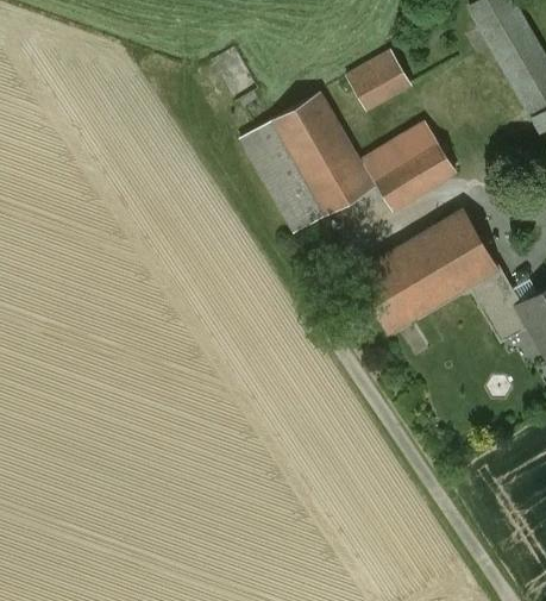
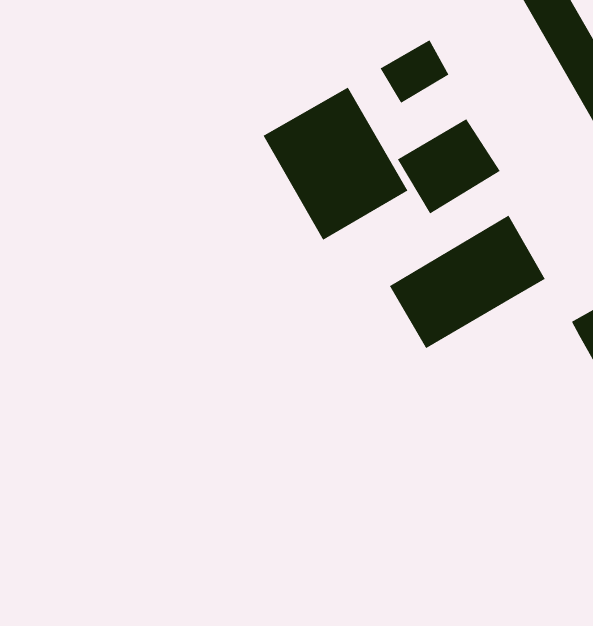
building: [469,268,527,336] -> none

